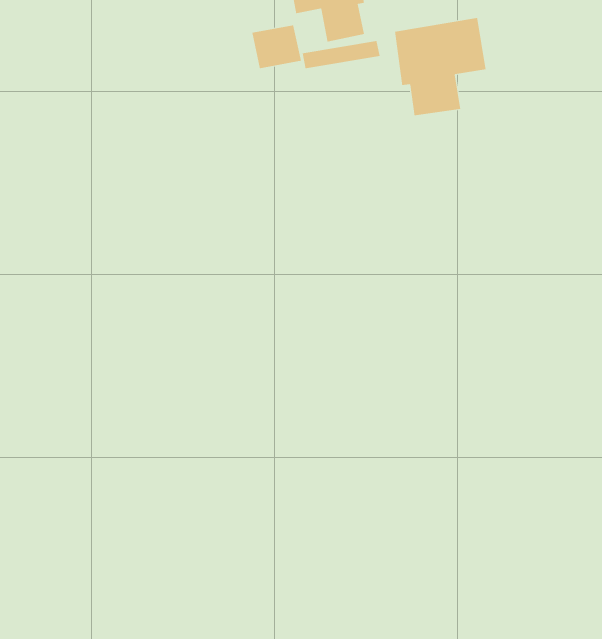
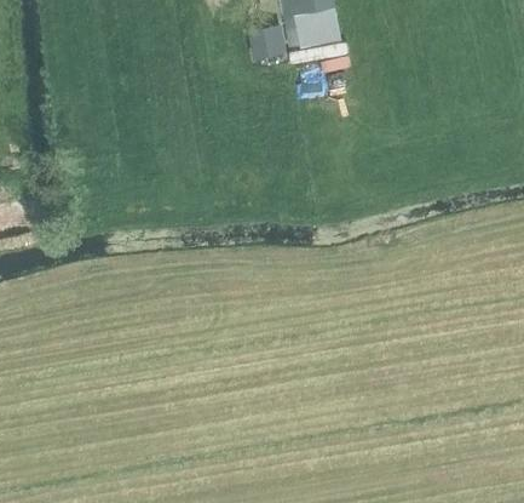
building: [394,17,486,116] -> none

